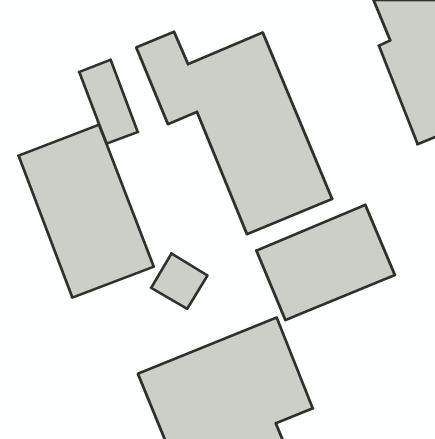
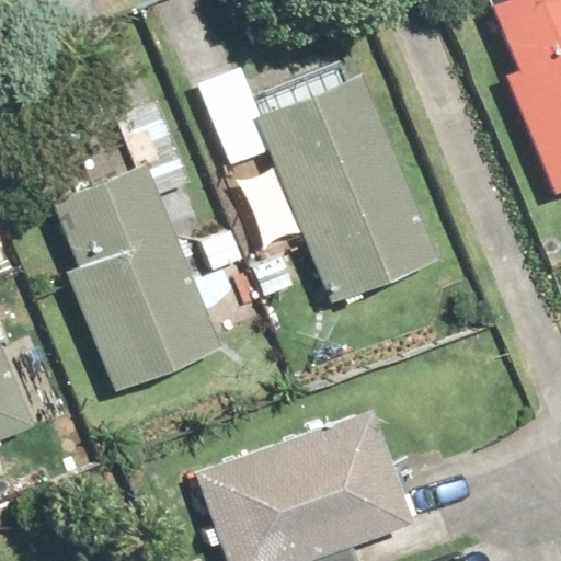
building: [256,205,395,320] -> none

